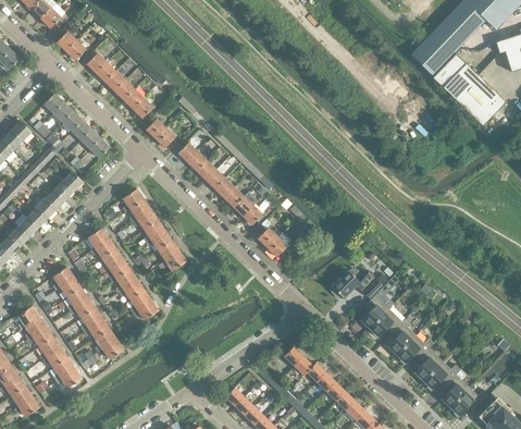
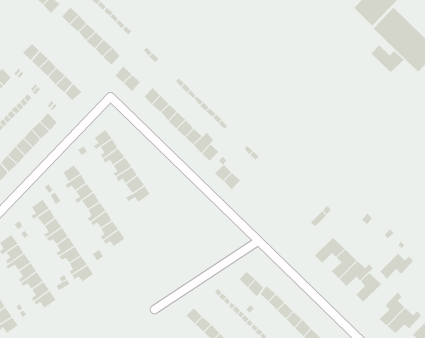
building: none -> [370,44,405,73]
building: [332,268,374,297] -> none
building: [359,294,388,329] -> none
building: [422,360,460,390] -> [379,253,414,279]

